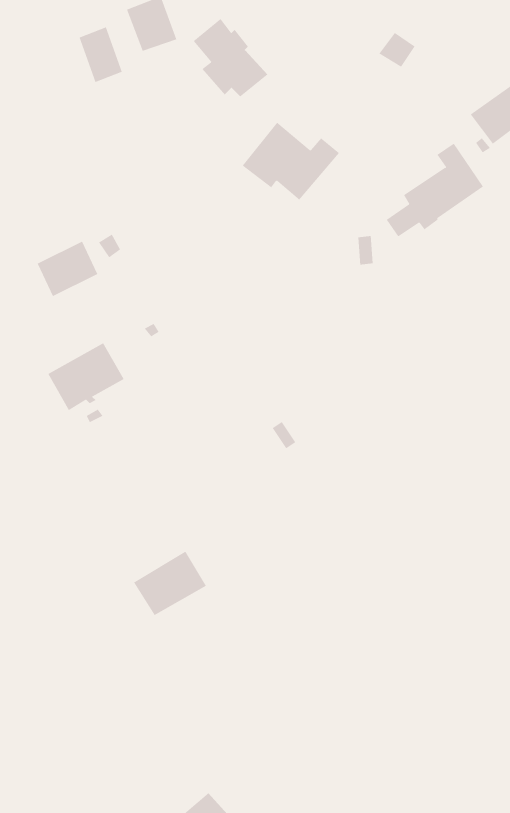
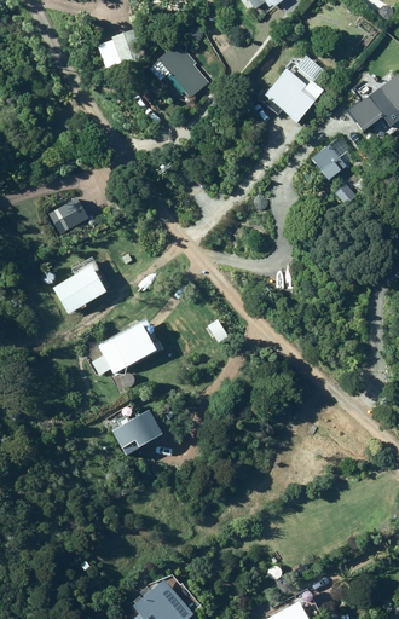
building: [79,27,123,83] -> none
building: [242,122,340,201] -> [254,68,322,122]
building: none -> [92,320,163,375]

